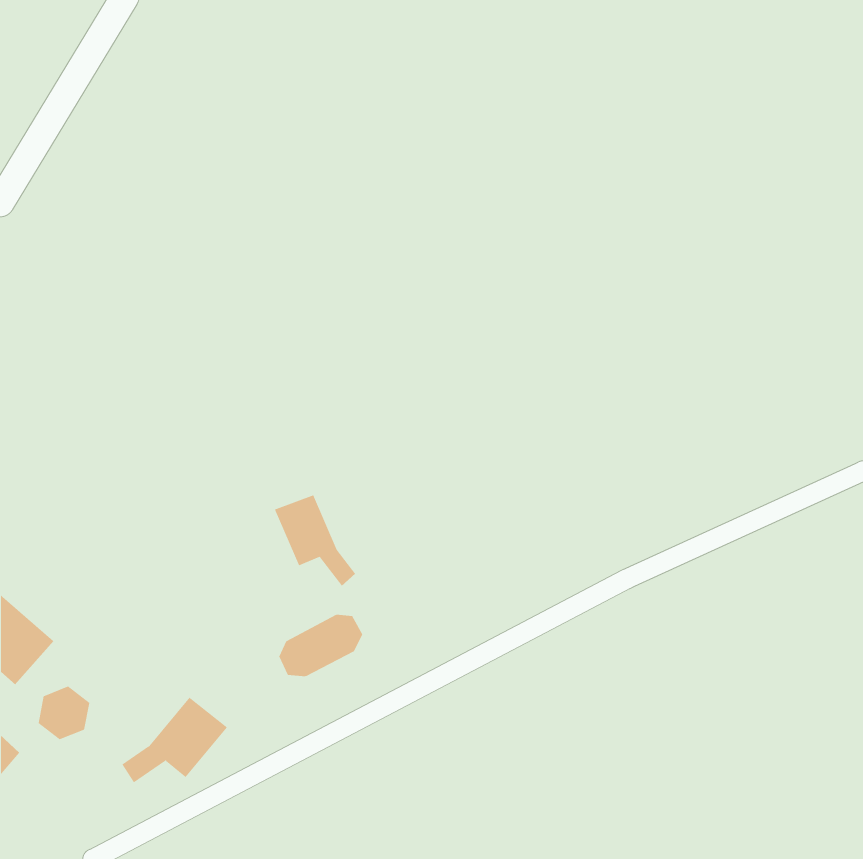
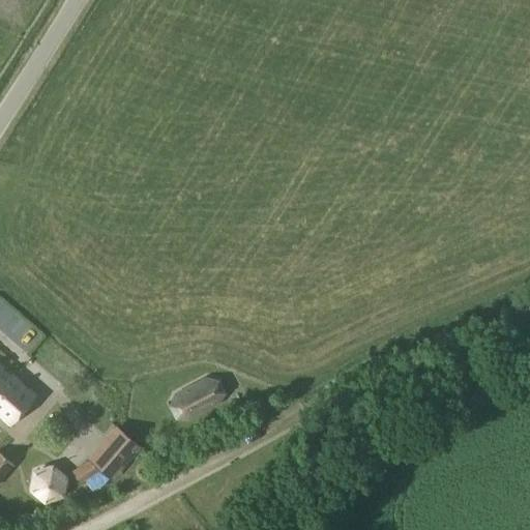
building: [274,494,356,587] -> none
building: [38,686,90,740] -> [32,465,64,498]

